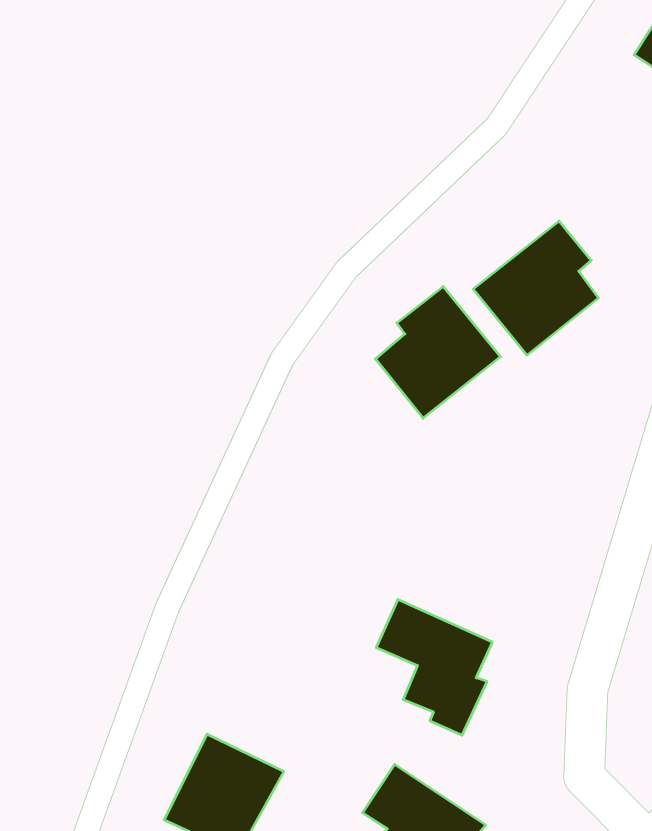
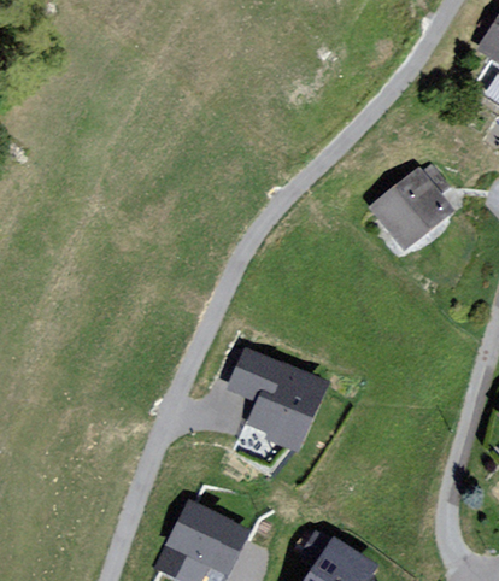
building: [375,286,500,418] -> none
building: [376,599,492,735] -> [235,351,313,442]

